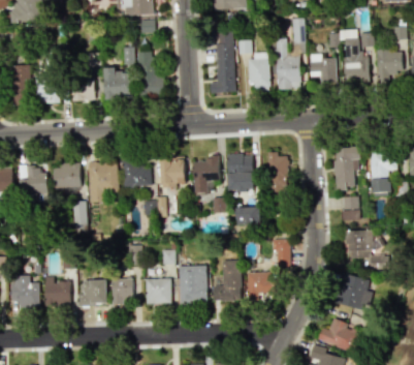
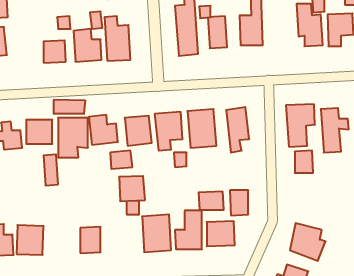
building: [309,54,338,84] -> none
building: [37,74,60,103] -> none
building: none -> [54,100,85,114]
building: [235,206,262,225] -> [199,192,224,210]
building: [345,229,385,260] -> none
building: [145,277,172,304] -> [119,176,145,201]
building: [76,279,107,308] -> none

